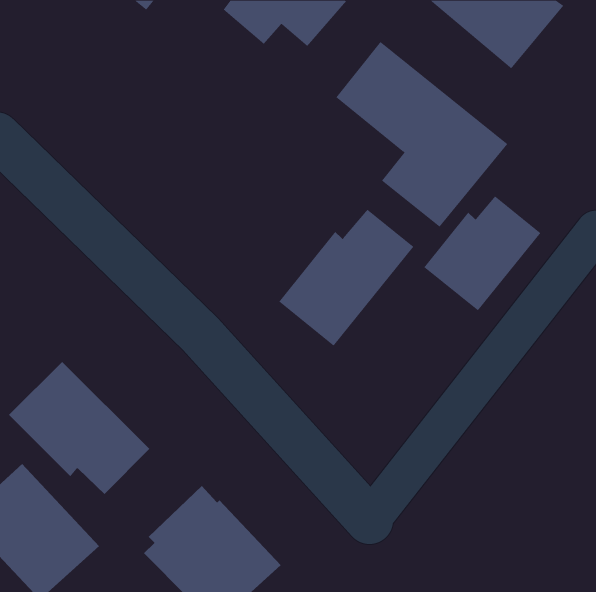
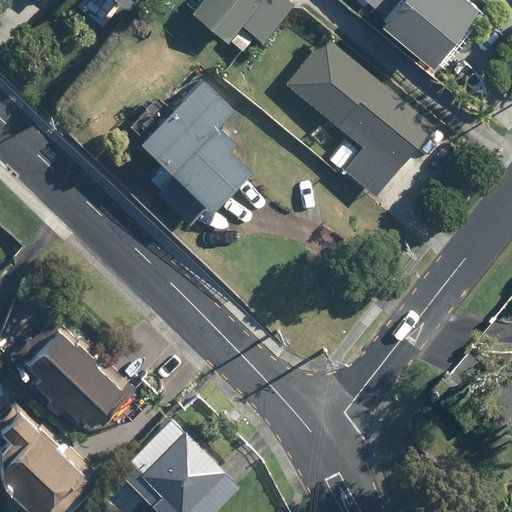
building: none -> [142,75,256,232]
building: [423,196,541,311] -> none
building: [278,209,414,346] -> none

